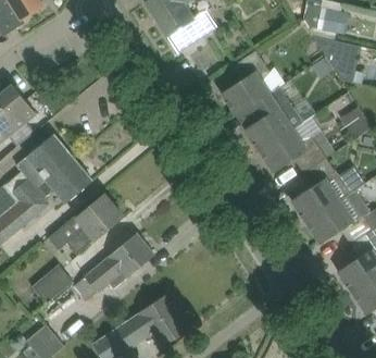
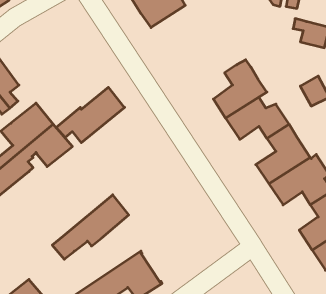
building: [221,50,270,115] -> none
building: [48,195,122,255] -> [56,87,125,143]
building: [32,264,71,303] -> none

